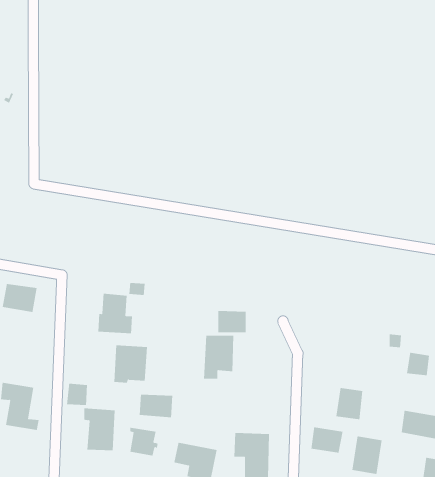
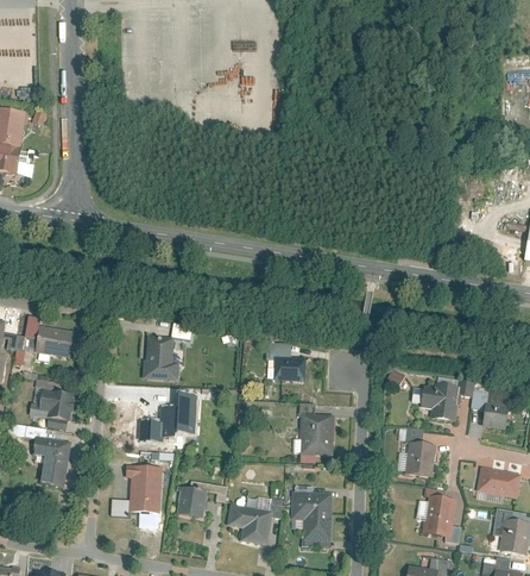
building: none -> [419,382,459,420]
building: [203,335,234,379] -> [299,414,334,463]
building: none -> [38,389,74,420]
building: [67,383,87,406] -> none
building: [139,394,173,418] -> none
building: [311,427,343,453] -> none

